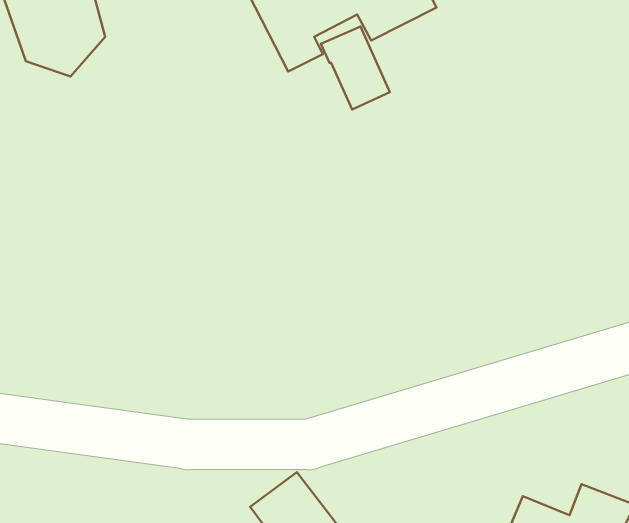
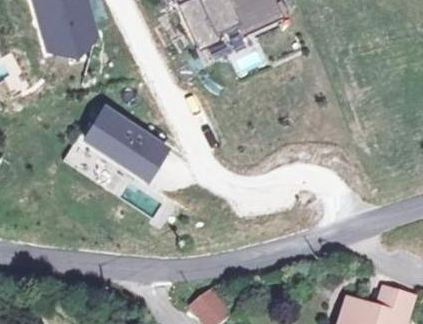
building: none -> [84,109,167,178]

